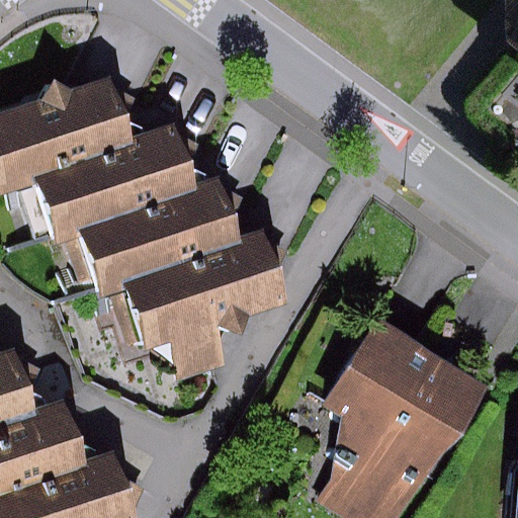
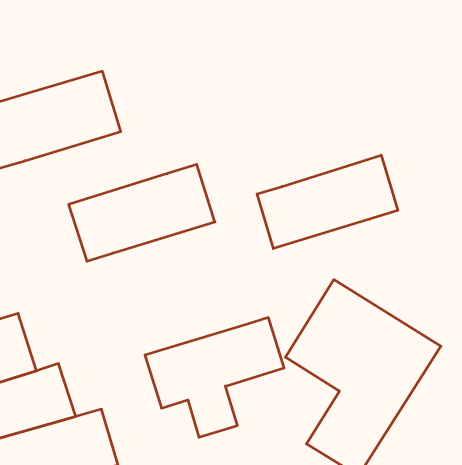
building: [27,137,185,238] -> none
building: none -> [257,155,398,249]
building: [124,241,278,373] -> [145,318,284,437]

